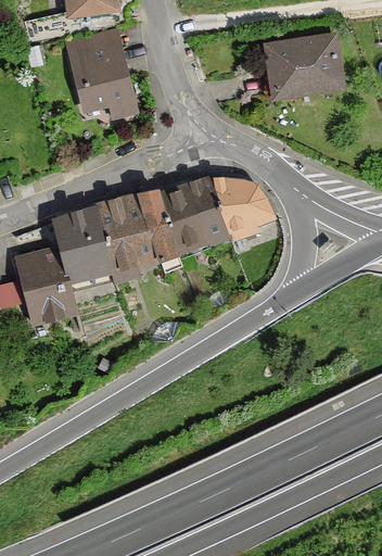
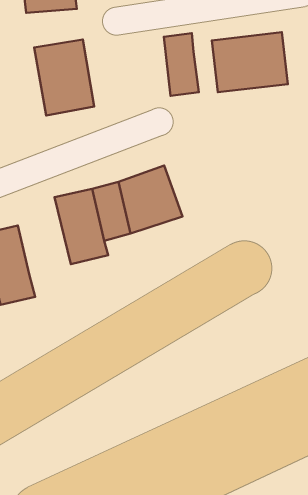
building: none -> [164,33,199,96]
building: [209,176,269,232] -> none
building: [48,212,110,294] -> none

